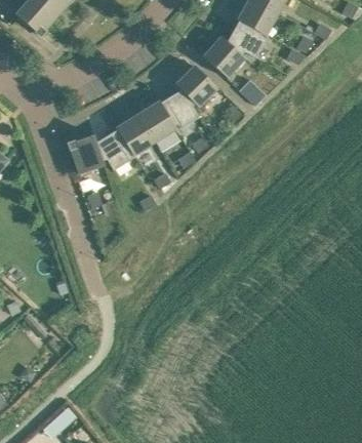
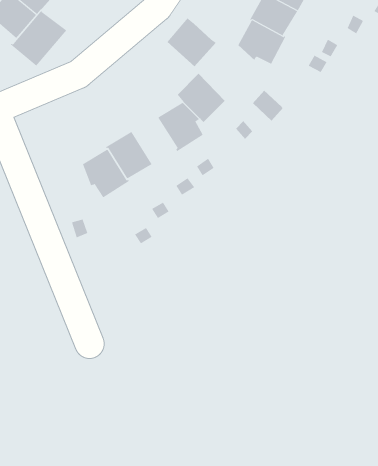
building: none -> [10,10,67,67]
building: [203,36,245,78] -> [167,17,216,67]
building: [137,100,175,142] -> none
building: [68,134,104,174] -> none

